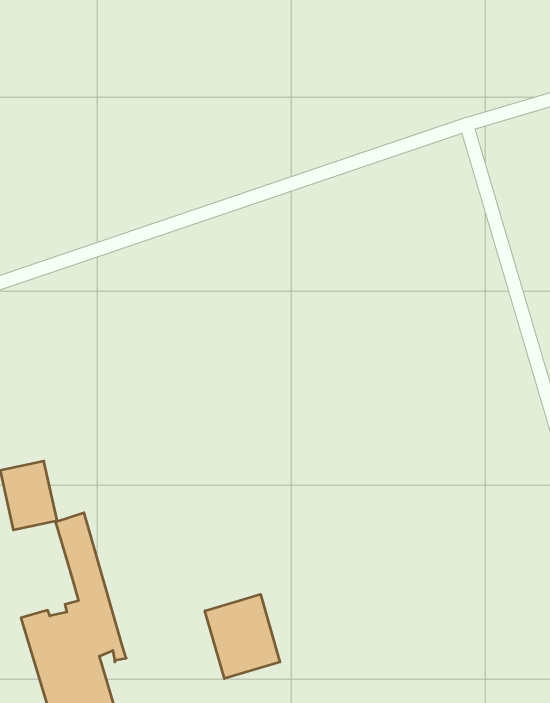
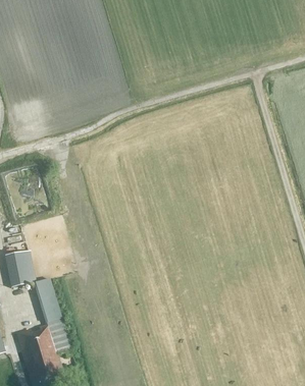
building: [205,594,280,679] -> none

